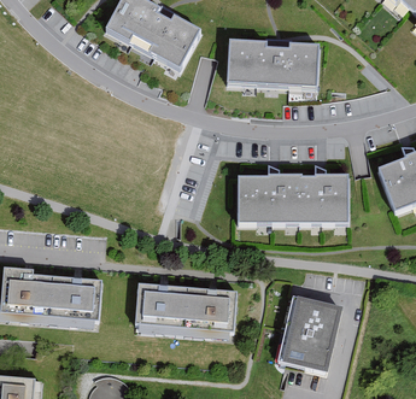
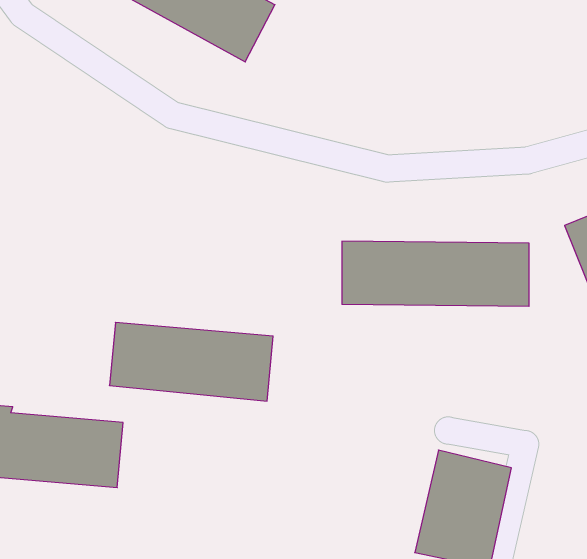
building: [223,39,315,83] -> none
building: [139,288,239,336] -> [109,322,273,401]

